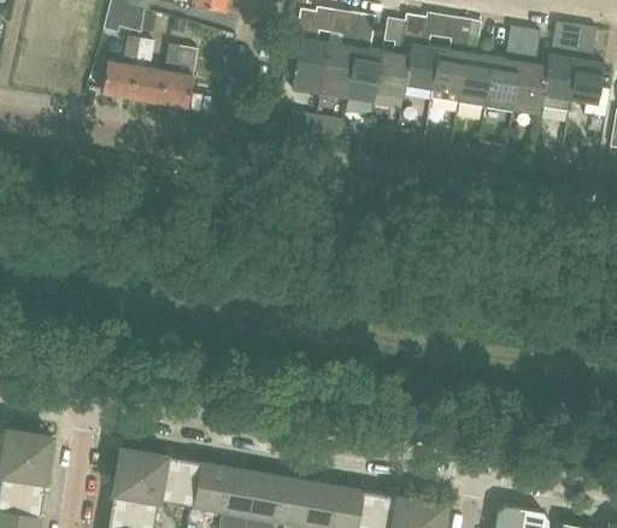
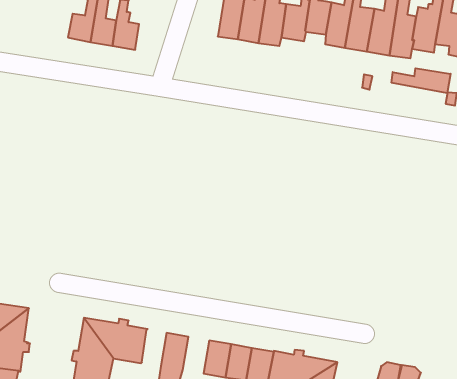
building: none -> [392,68,451,93]
building: [195,463,227,509] -> none
building: [247,471,281,518] -> none

